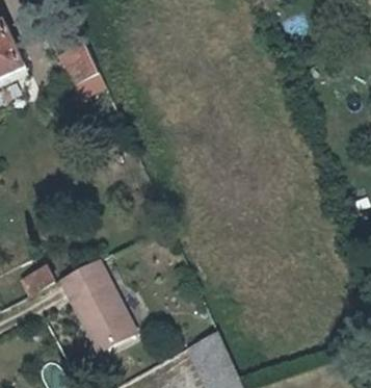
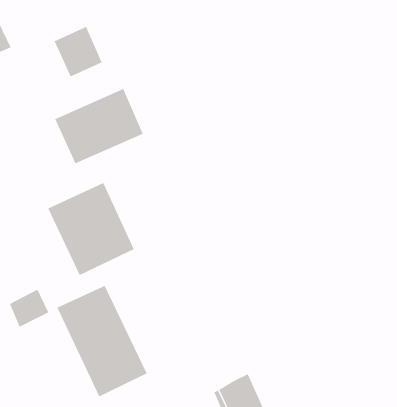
building: none -> [54,88,143,164]
building: none -> [47,182,134,276]

